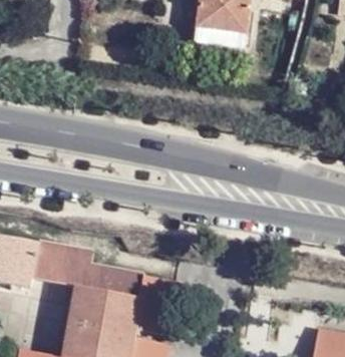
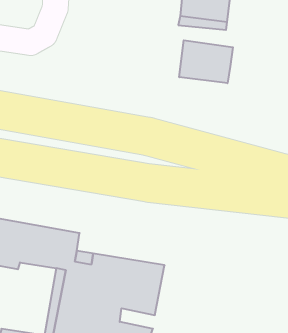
building: none -> [179,40,233,83]

